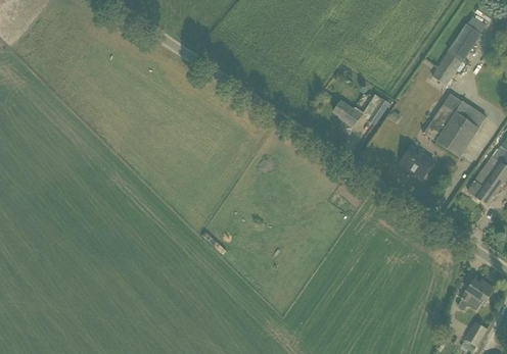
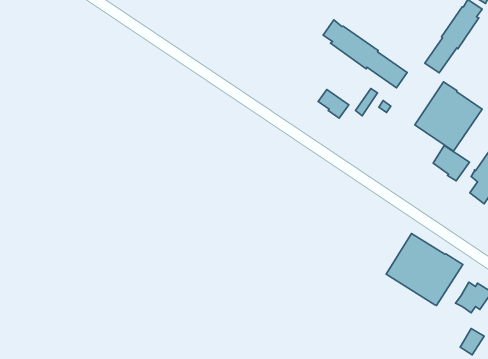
building: none -> [323,20,407,88]
building: [401,145,434,178] -> [433,146,469,181]
building: none -> [386,233,463,306]

